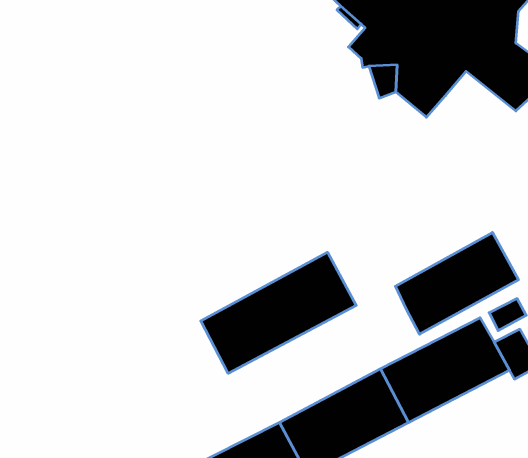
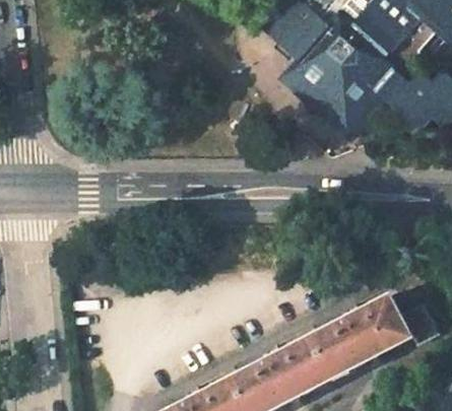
building: [395,232,518,334] -> none
building: [201,252,356,373] -> none

